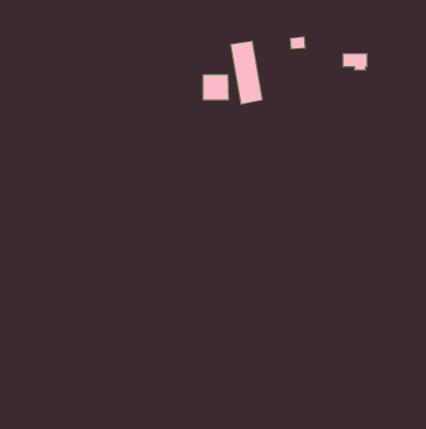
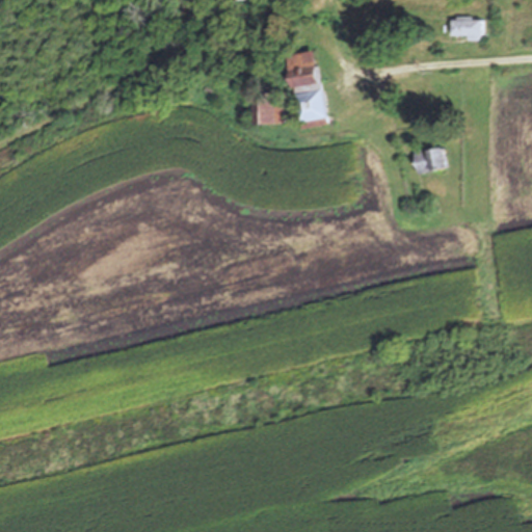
building: [343,54,367,70] -> [451,20,481,39]
building: none -> [413,142,448,174]

